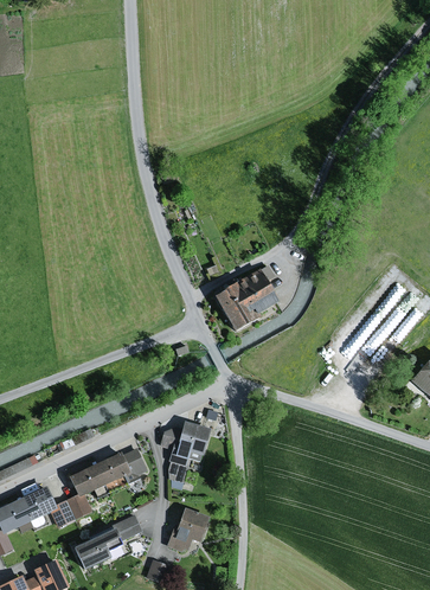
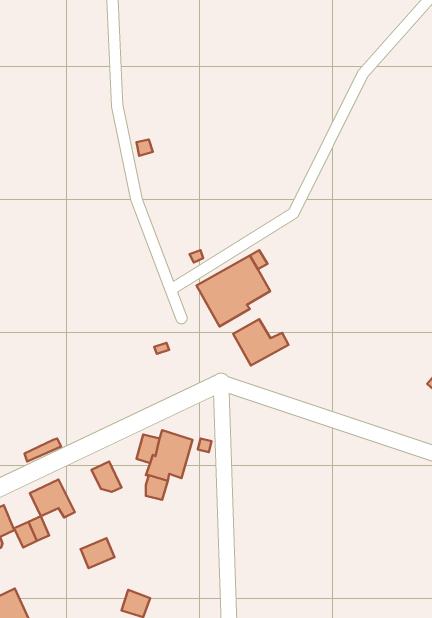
building: none -> [233,319,289,365]
building: [95,450,131,492] -> none
building: [168,507,210,553] -> none
building: [72,526,123,569] -> none

